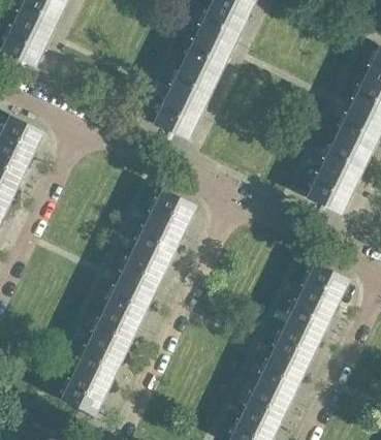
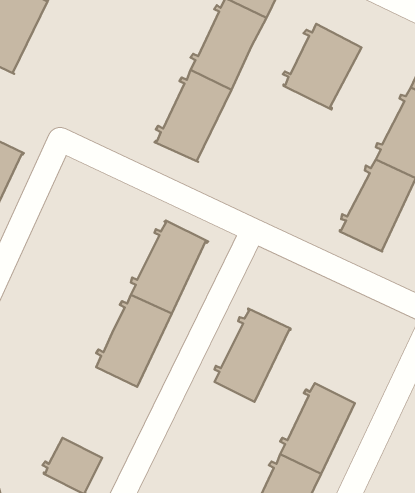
building: none -> [283,24,362,109]
building: [286,262,349,340] -> [215,309,290,402]
building: [76,310,138,385] -> none

